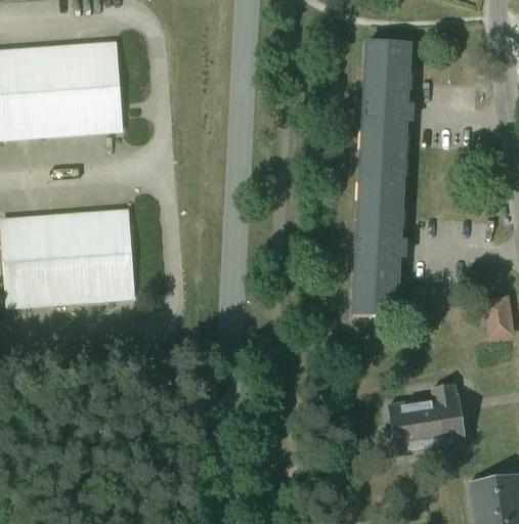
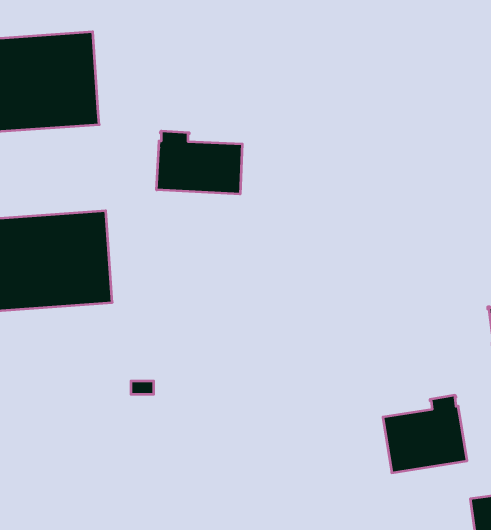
building: [353,41,413,317] -> none
building: none -> [157,131,242,194]

